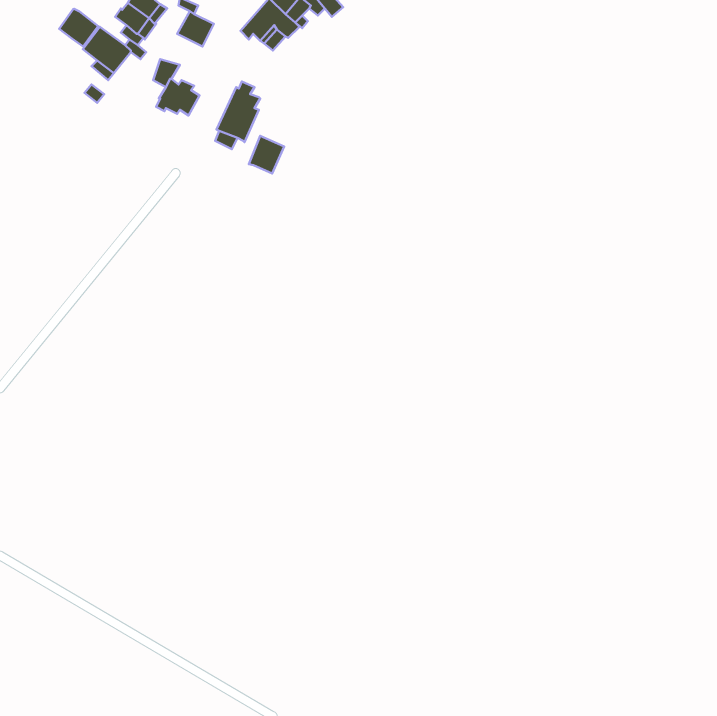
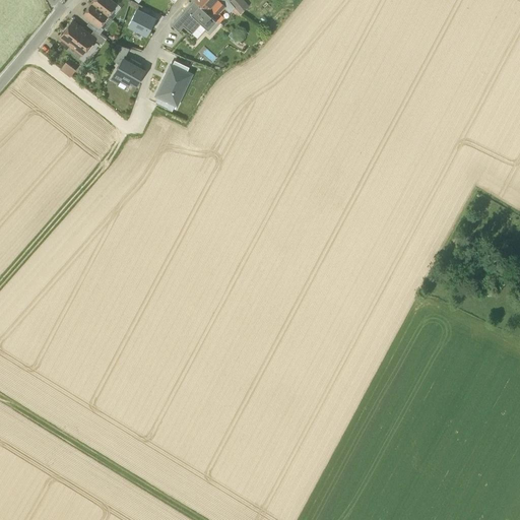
building: [59,9,98,46] -> none
building: [249,136,284,174] -> none

